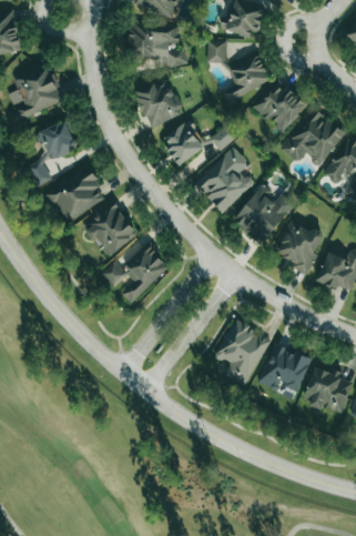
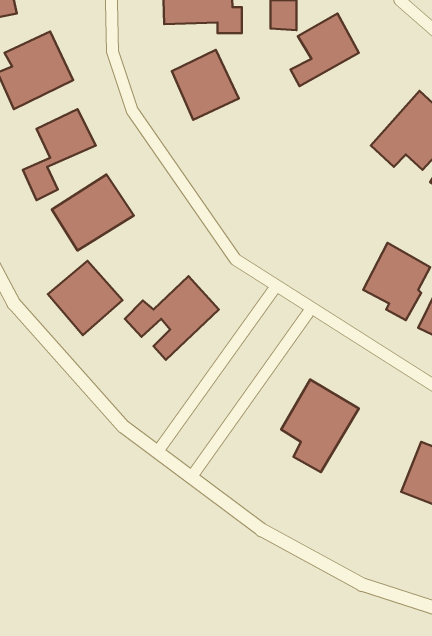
building: [253,79,307,133] -> none
building: [163,121,236,164] -> none
building: [194,146,254,213] -> none
building: [233,186,295,244] -> none
building: [84,204,139,259] -> [48,261,122,335]
building: [257,343,312,392] -> none

